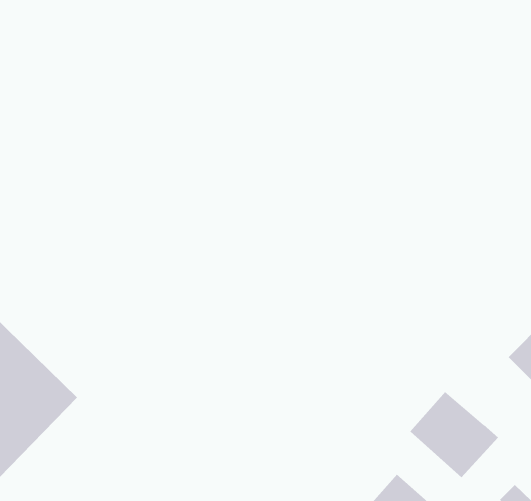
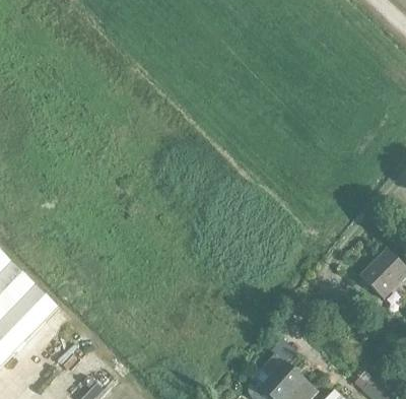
building: [409,391,499,478] -> none

